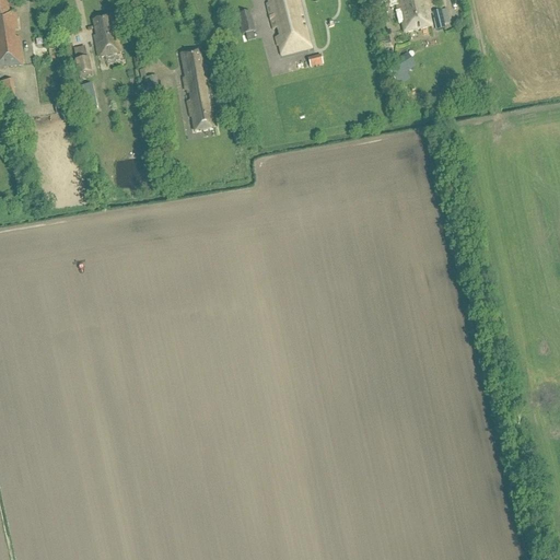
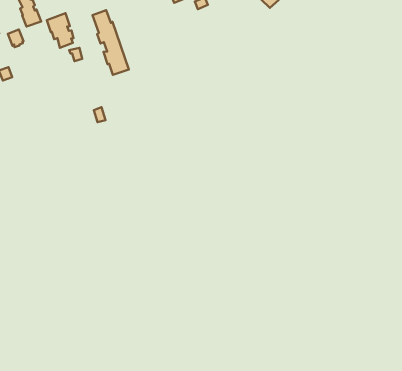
building: none -> [47,13,74,48]

